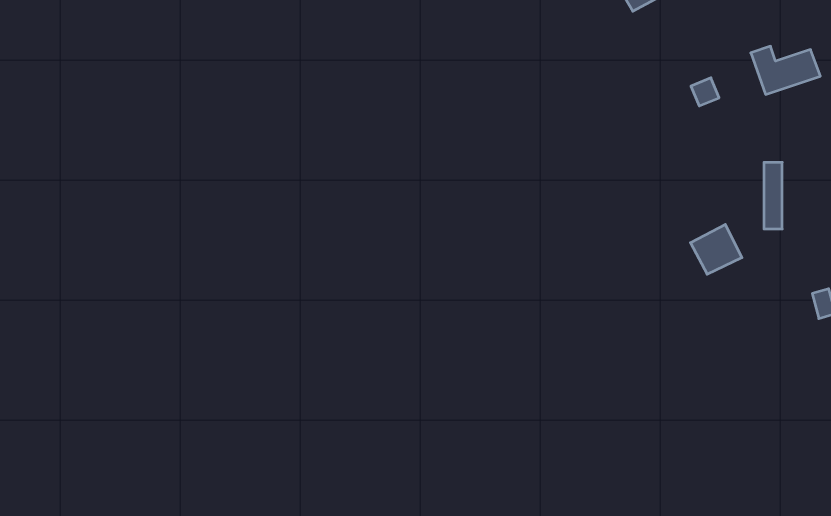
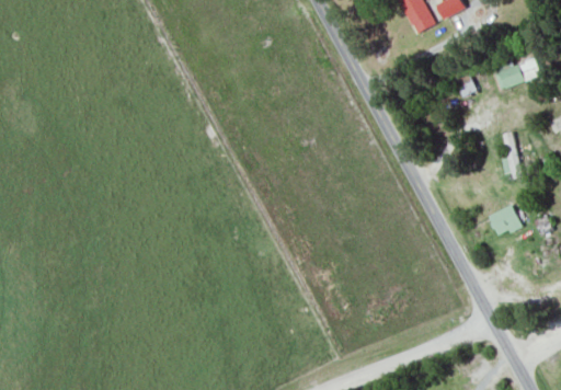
building: [690,224,742,274] -> [489,204,523,237]

